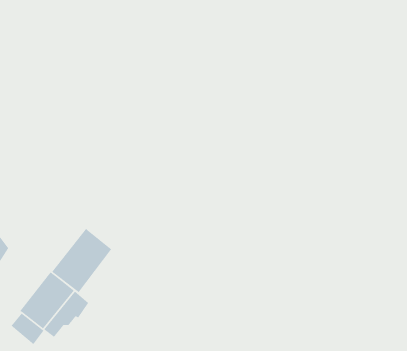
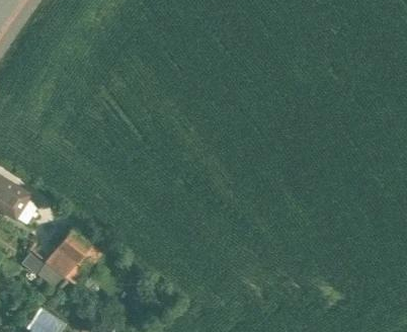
building: [51,227,112,293] -> none

